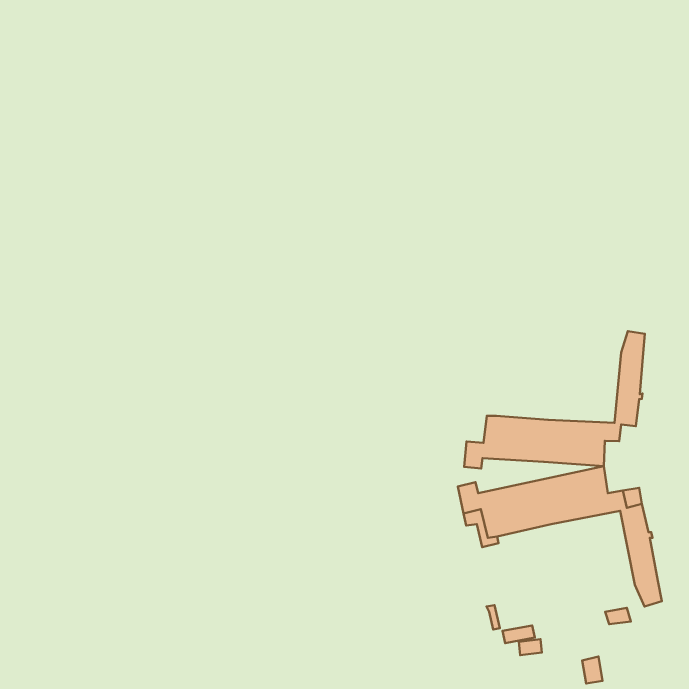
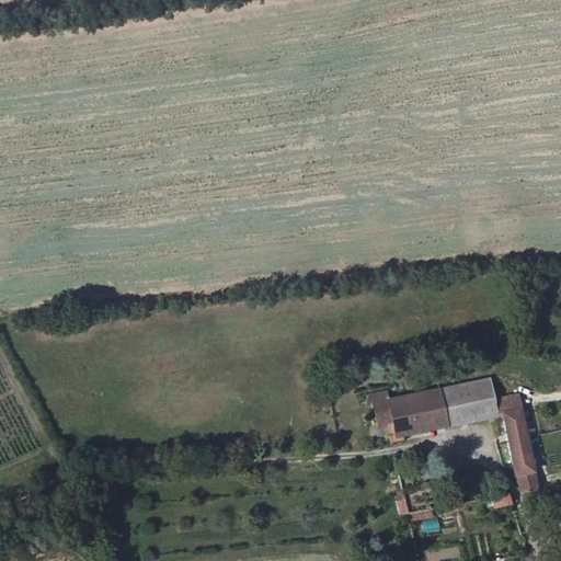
building: [464,331,645,468] -> none

